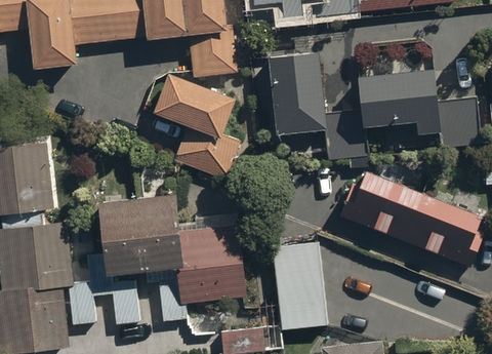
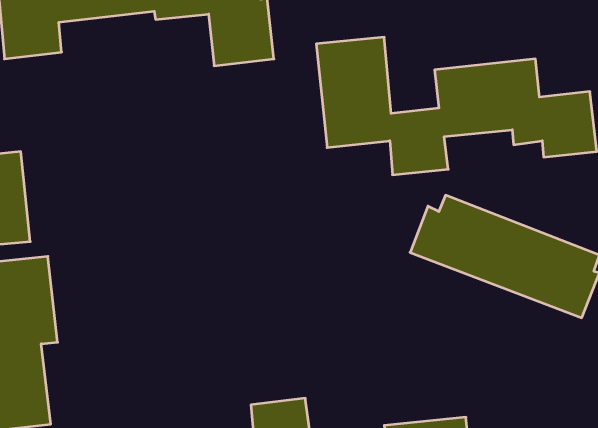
building: [153,75,240,179] -> none
building: [99,196,245,303] -> none
building: [271,241,327,330] -> none

